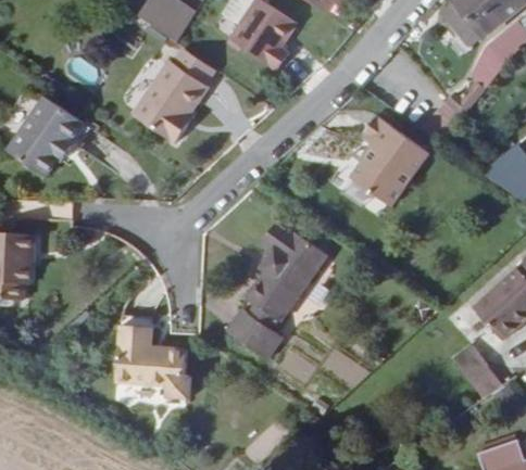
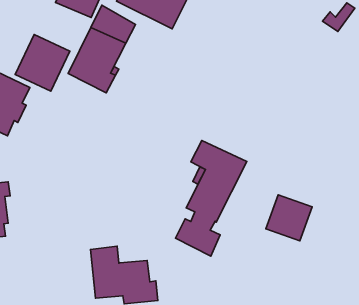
building: none -> [15,34,70,91]
building: [350,111,428,202] -> none
building: none -> [266,195,312,241]

